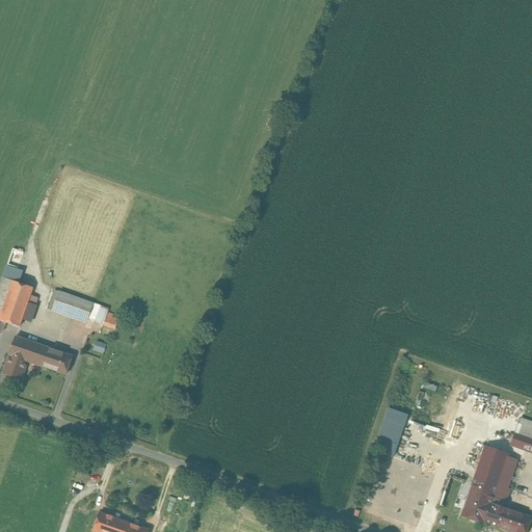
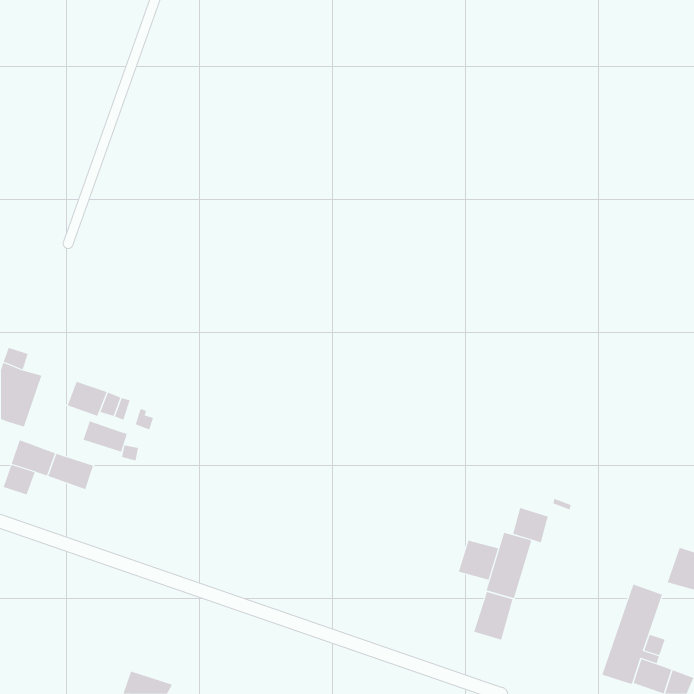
building: none -> [83,420,127,452]
building: none -> [512,507,549,543]
building: none -> [458,540,499,580]
building: none -> [474,591,513,640]

